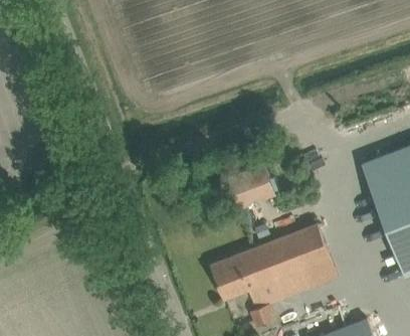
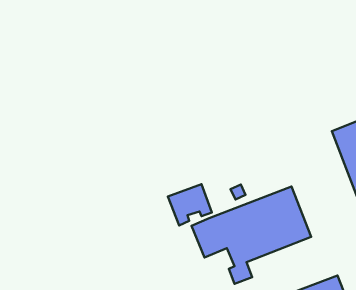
building: [227,165,274,209] -> [168,184,212,225]

